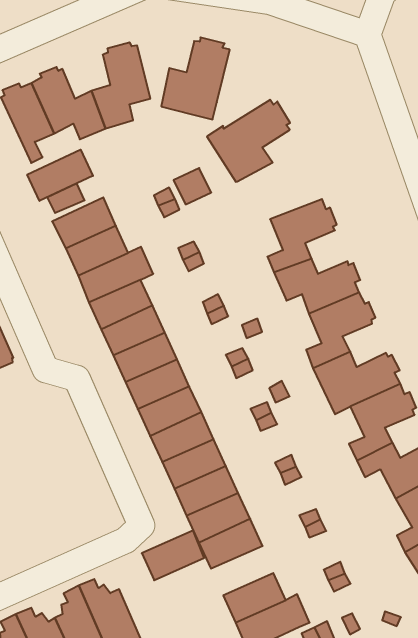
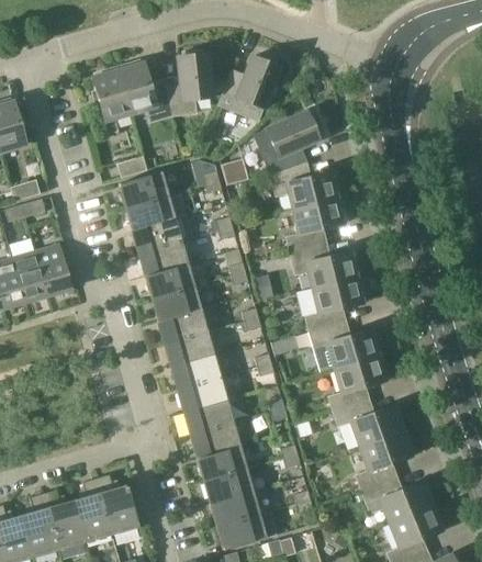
building: [27,150,93,201] -> none
building: none -> [270,162,337,207]
building: [142,531,204,580] -> [203,468,253,503]

